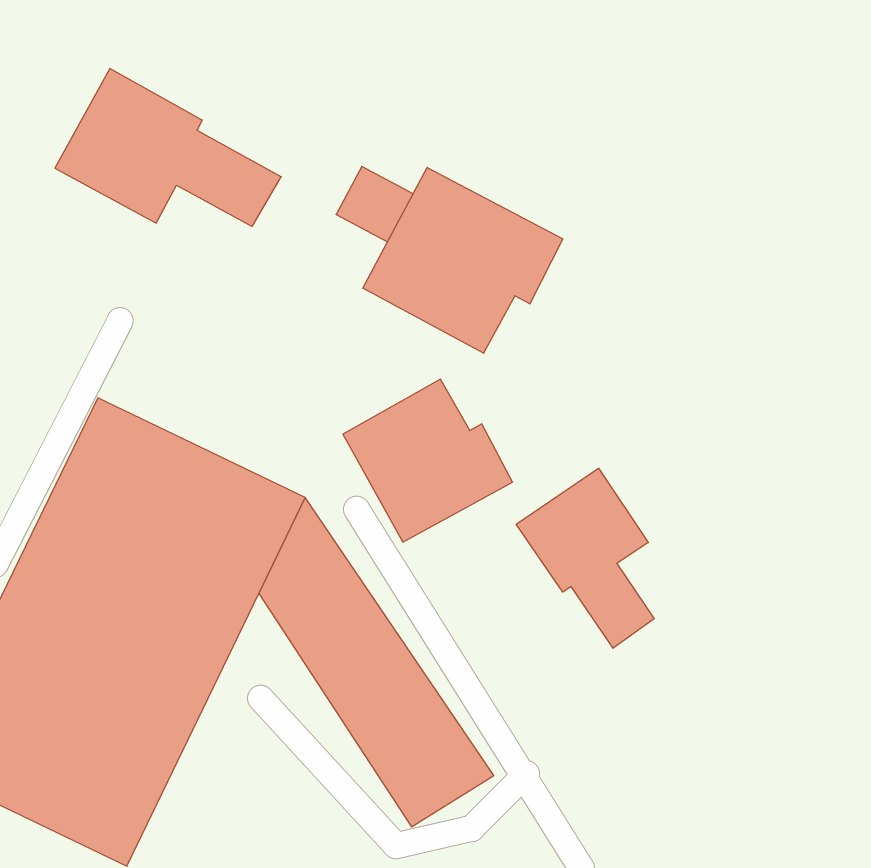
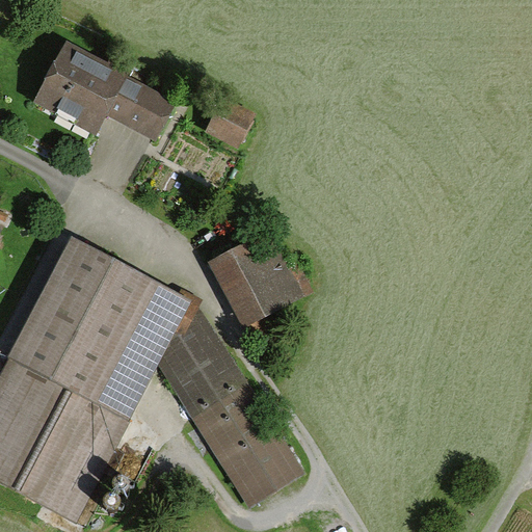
building: [363,167,563,353] -> none
building: [516,468,654,648] -> none

